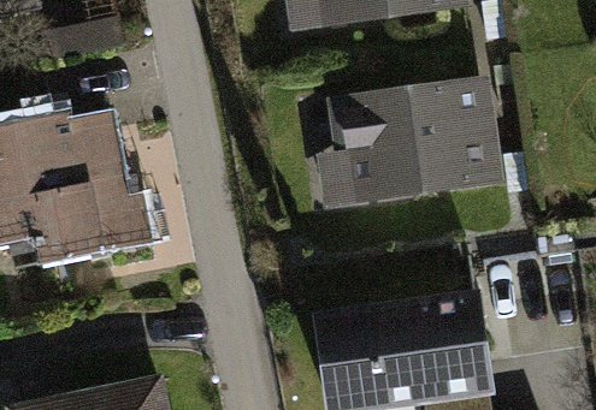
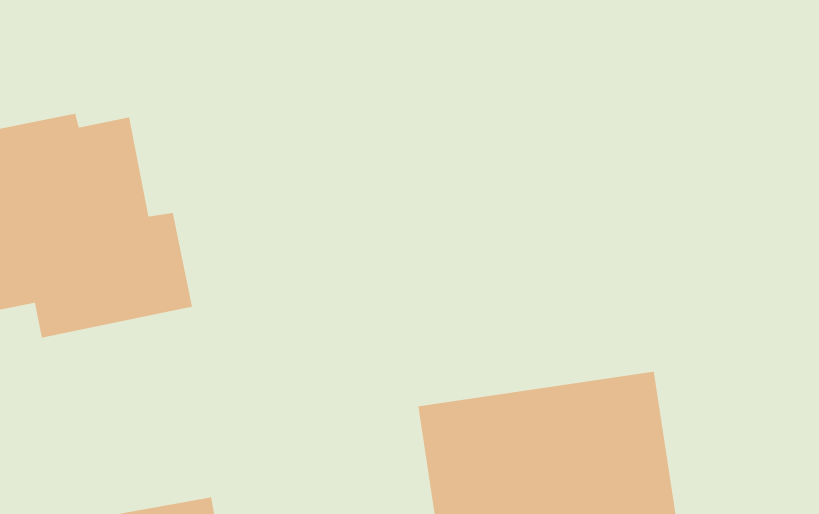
building: [324,81,500,200] -> none

